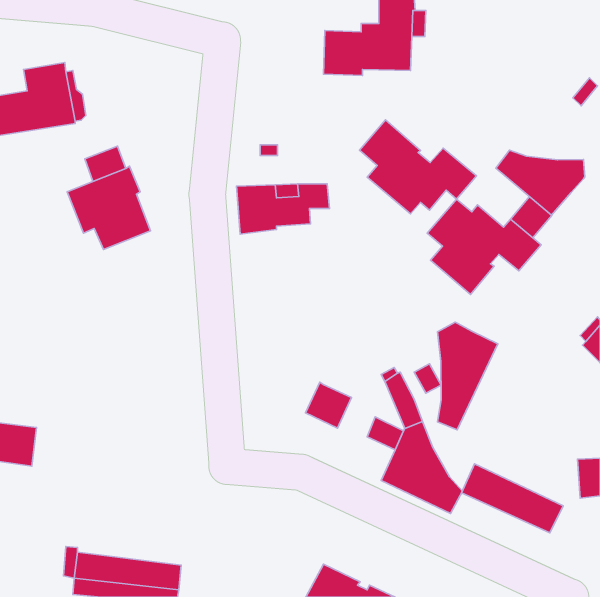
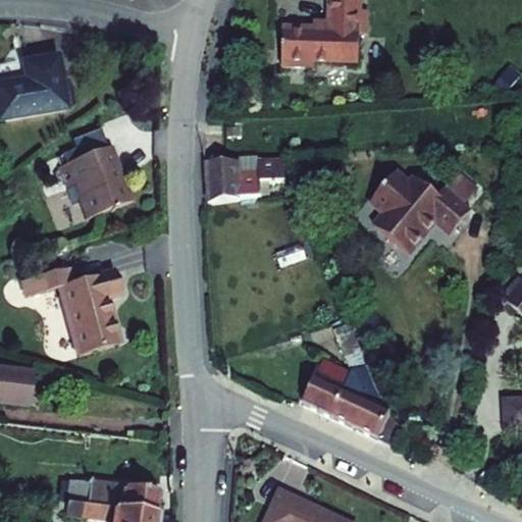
building: [360,120,476,214] -> none
building: [496,150,585,215] -> none
building: none -> [19,267,119,354]
building: [437,322,498,430] -> none
building: [306,382,352,428] -> [303,376,343,416]
building: [462,464,563,533] -> none

